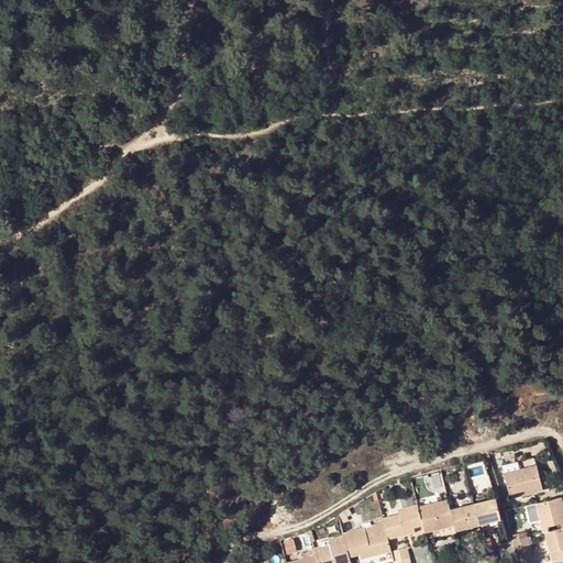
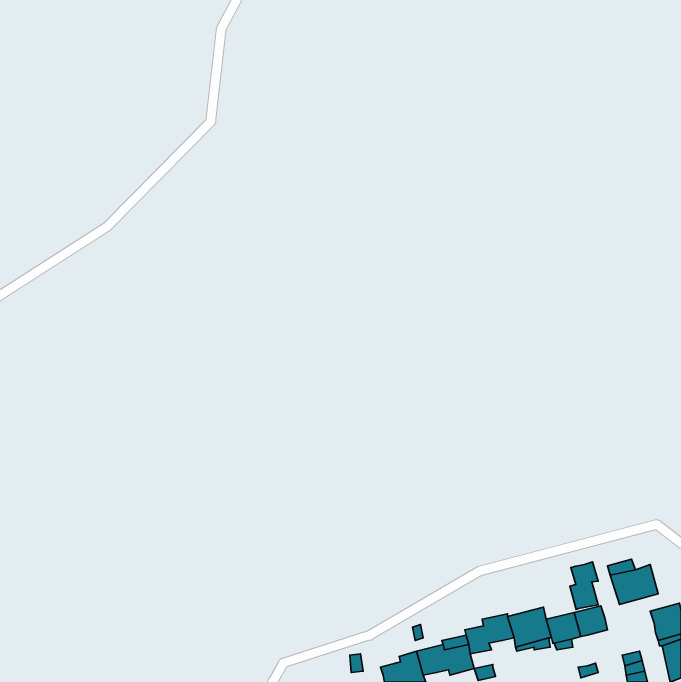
building: none -> [570,562,598,610]

